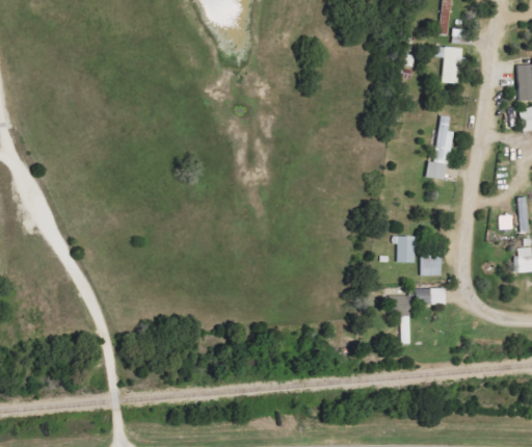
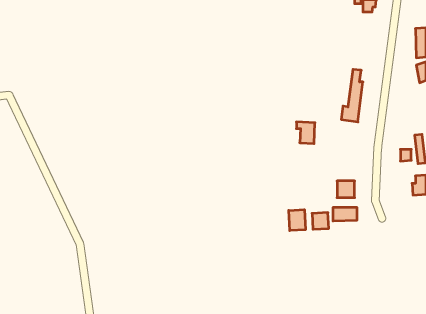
building: [434,46,462,85] -> none
building: [393,236,416,263] -> [296,122,315,144]
building: none -> [289,210,305,231]

